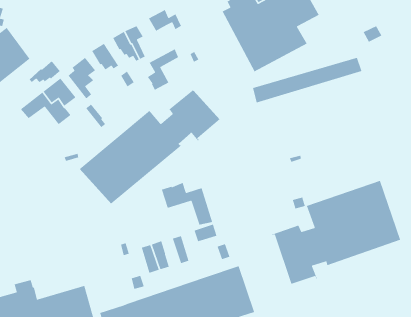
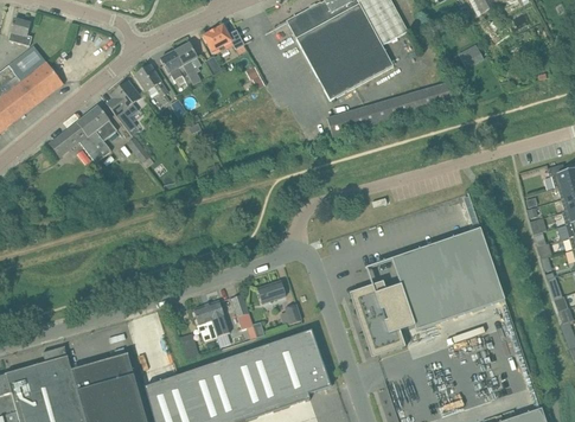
building: [147,48,179,91] -> none
building: [29,60,61,83] -> none
building: [79,87,221,205] -> none
building: [161,182,213,226] -> none

